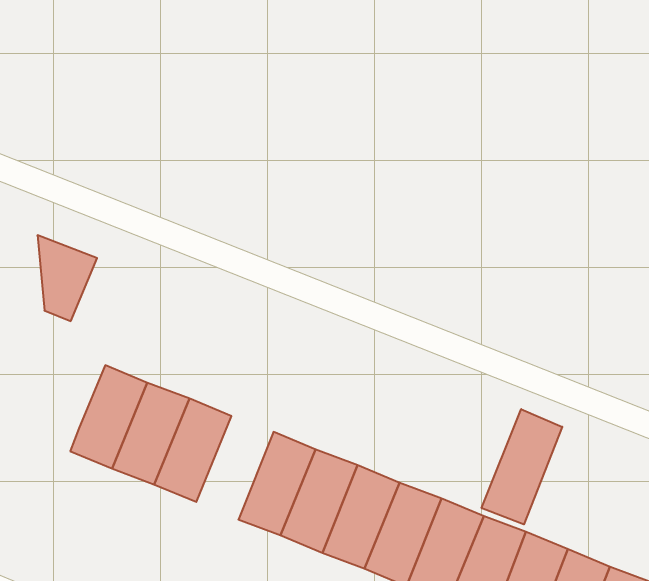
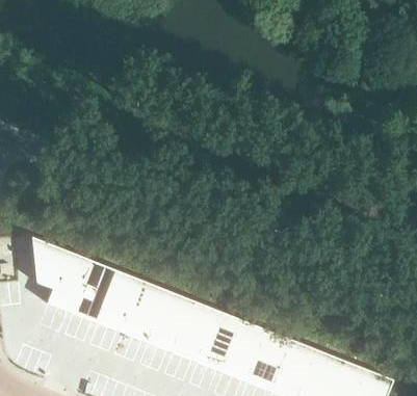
building: [37,235,97,321] -> [32,238,68,289]
building: [482,409,562,524] -> none
building: none -> [122,282,167,343]

